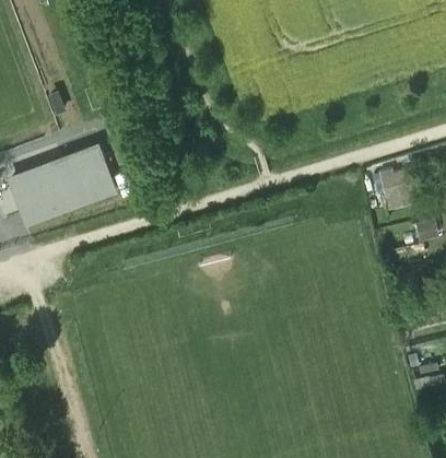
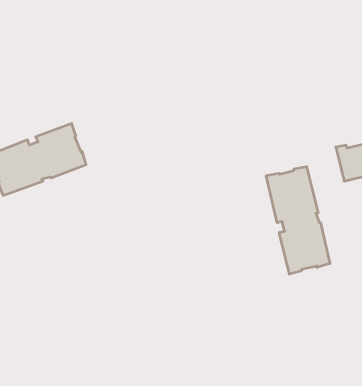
building: none -> [266,167,330,274]

